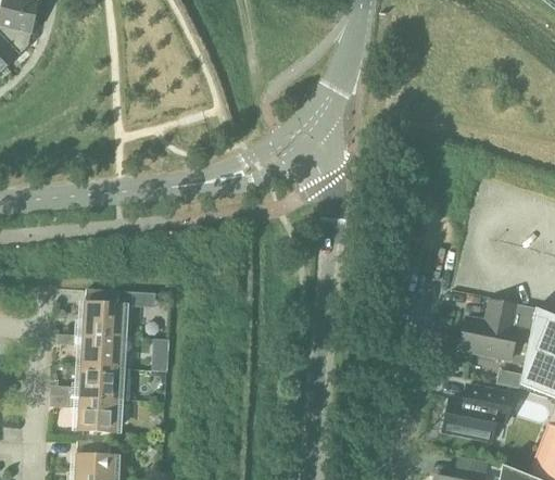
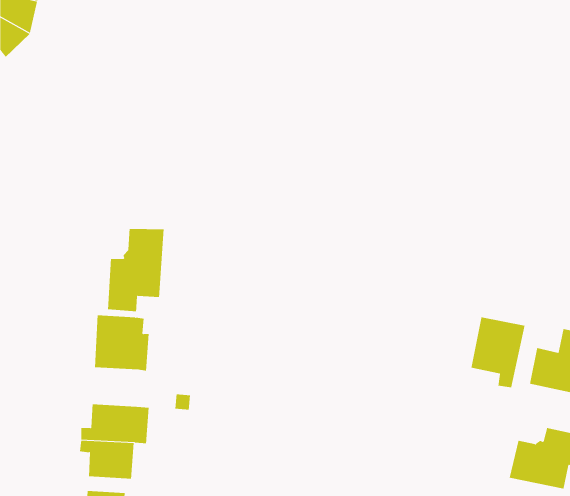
building: none -> [108,228,164,312]
building: none -> [471,317,525,388]
building: [75,336,122,369] -> none

